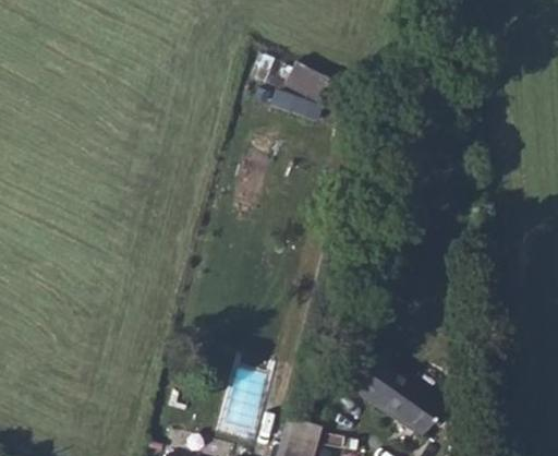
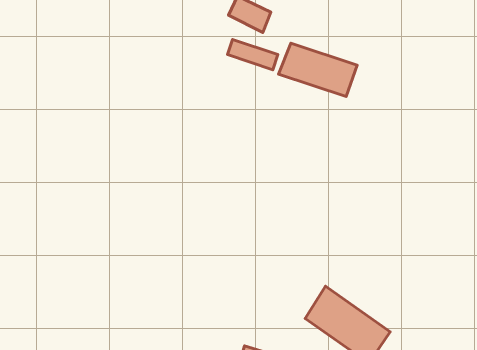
building: none -> [279,43,357,97]

